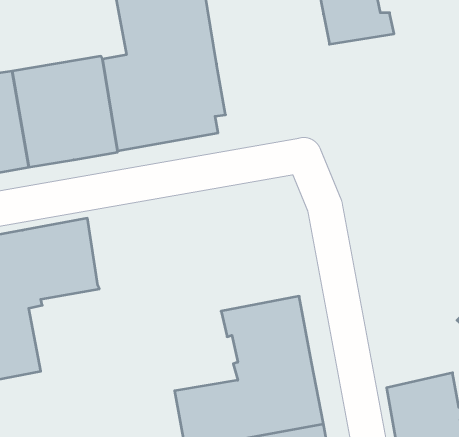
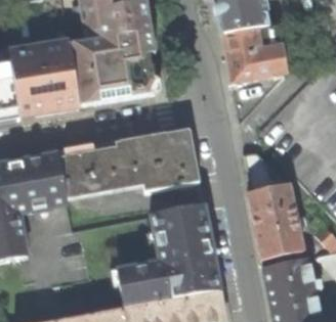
building: none -> [225,22,288,80]
building: none -> [60,128,201,196]
building: none -> [245,150,303,259]

